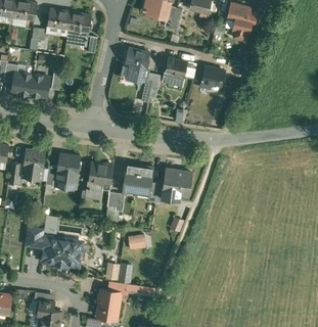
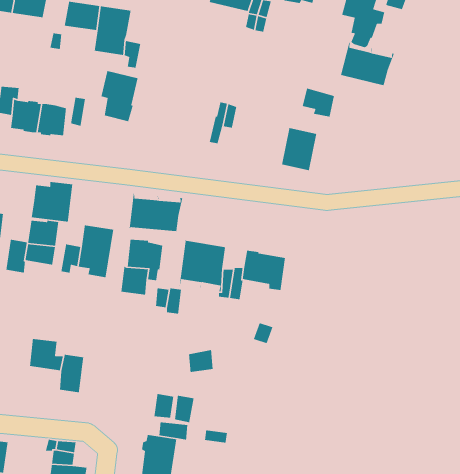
building: none -> [340,42,395,88]
building: [125,48,149,82] -> [101,70,138,122]
building: [163,57,186,86] -> [281,127,317,171]
building: none -> [31,181,73,223]
building: none -> [129,192,183,234]
building: [57,239,85,266] -> none

